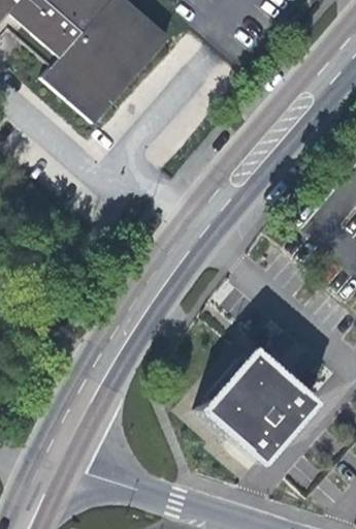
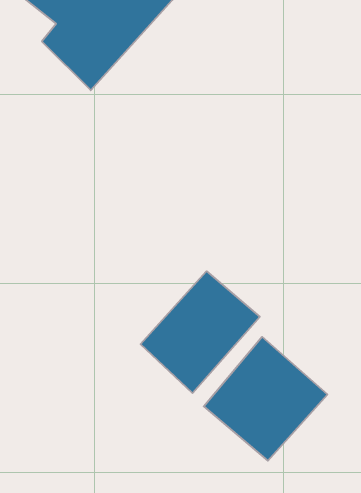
building: none -> [141,271,260,393]

